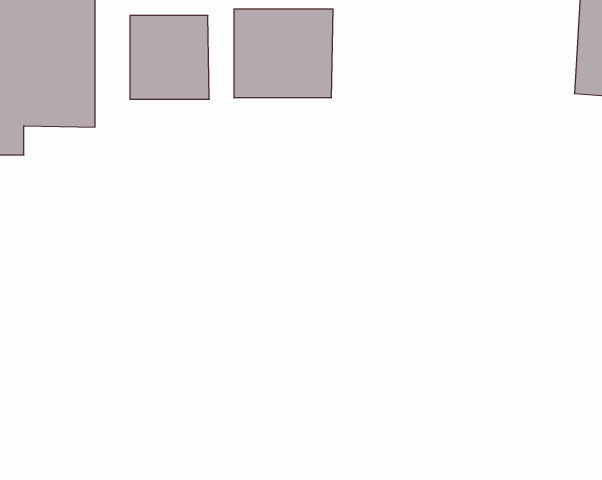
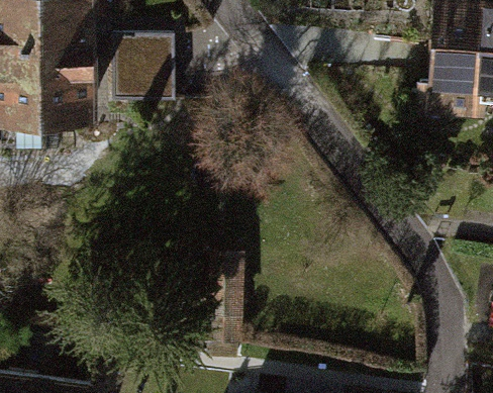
building: [234,9,333,98] -> none

